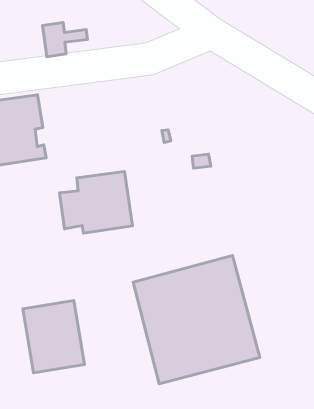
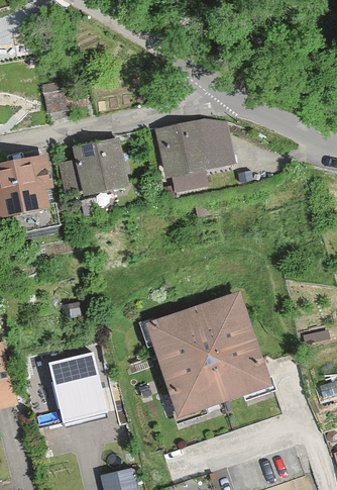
building: none -> [154,112,236,176]
building: [60,172,132,233] -> [58,137,128,198]

